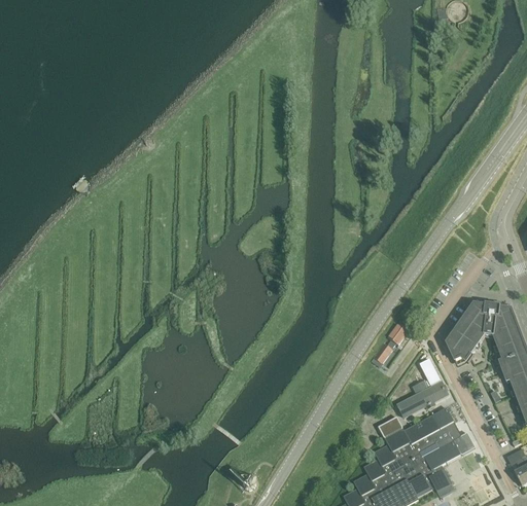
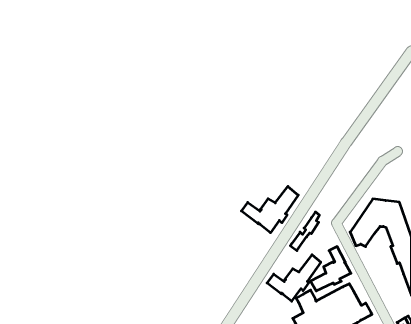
building: none -> [241,186,298,233]
building: none -> [267,255,321,301]

